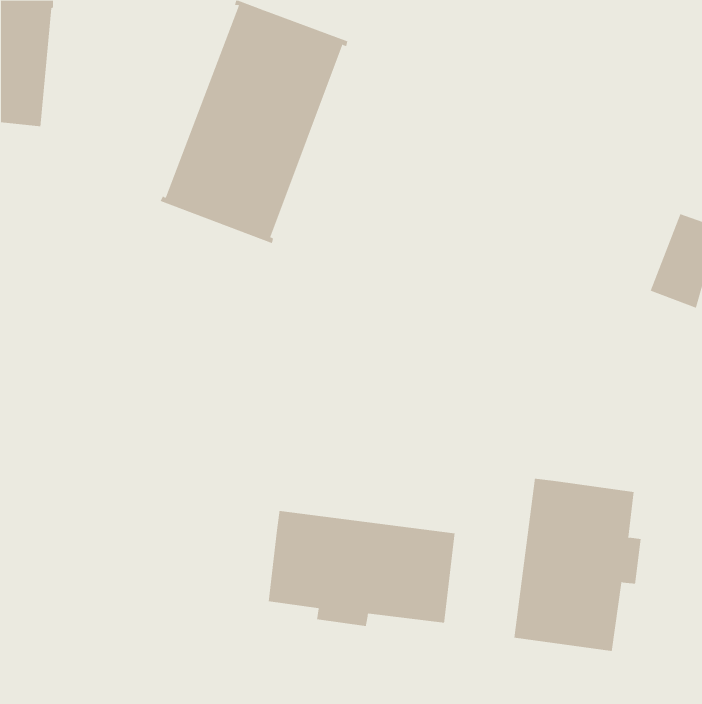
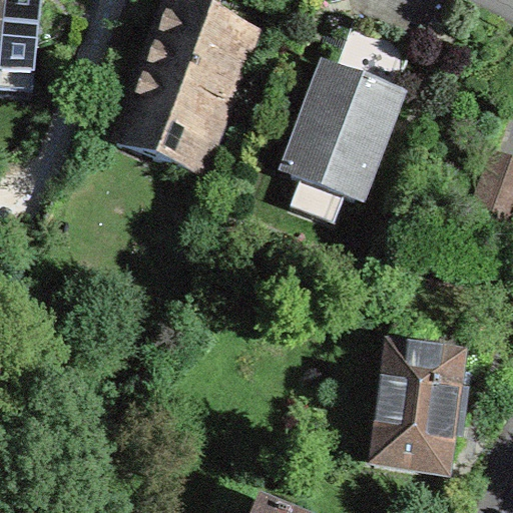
building: none -> [292,18,416,202]
building: [268,510,455,627] -> none

